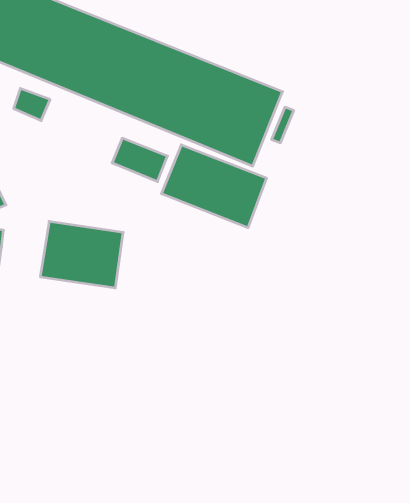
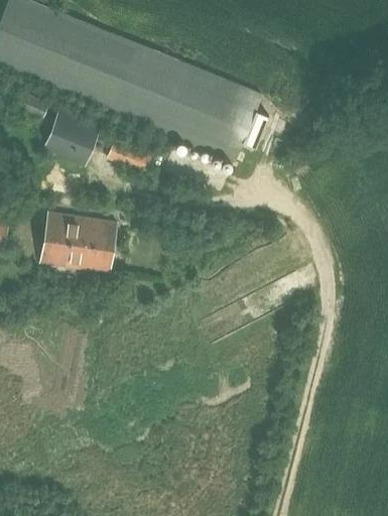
building: none -> [43,109,102,164]
building: [162,145,266,228] -> none

